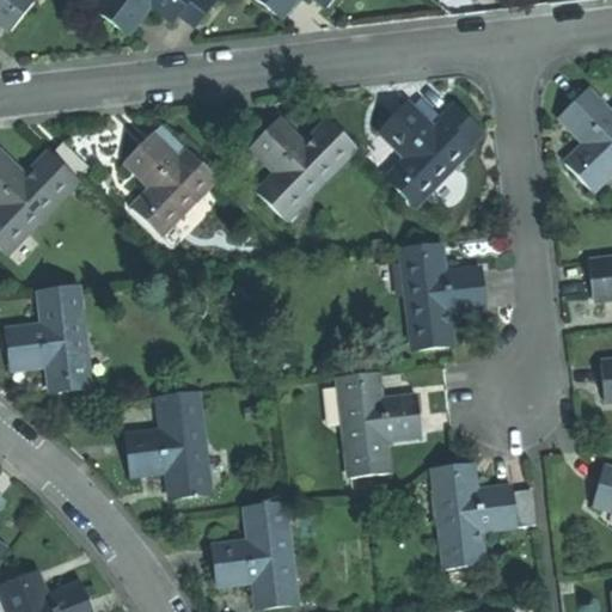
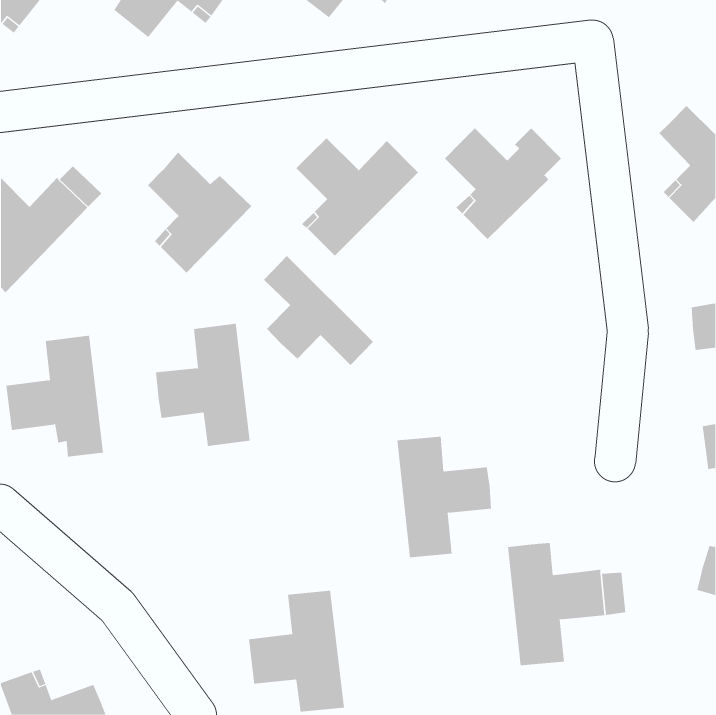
building: none -> [263,255,374,366]
building: [404,244,485,349] -> none
building: [127,392,208,497] -> [155,323,250,447]

